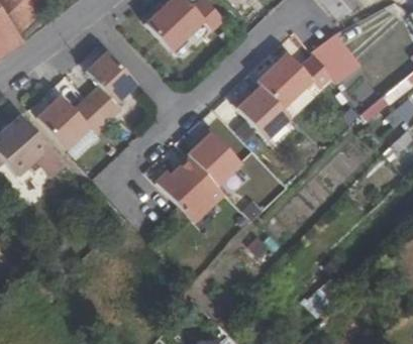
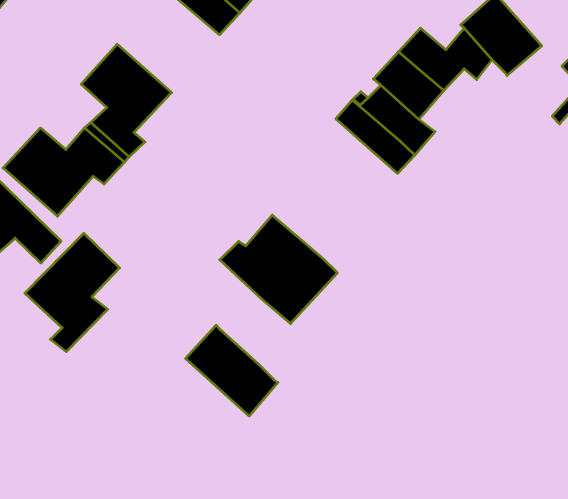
building: [190,129,243,187] -> none
building: none -> [25,233,120,352]
building: none -> [186,325,278,416]

